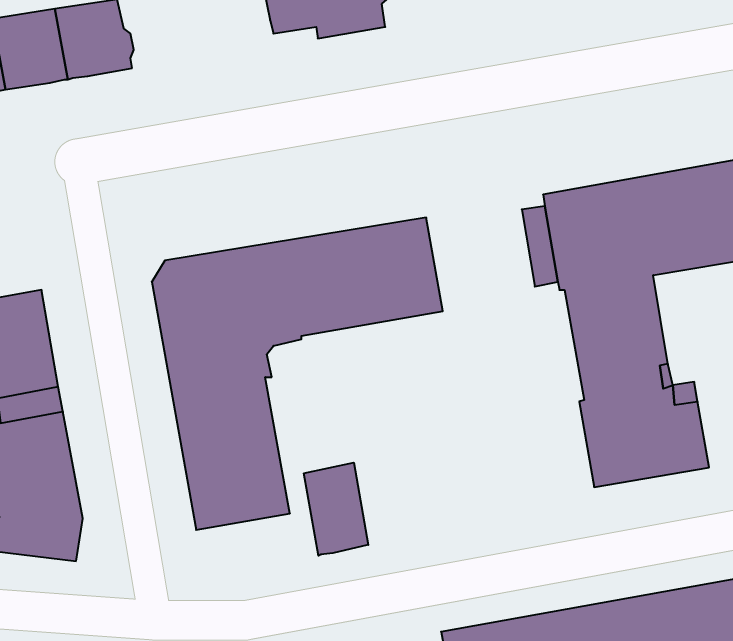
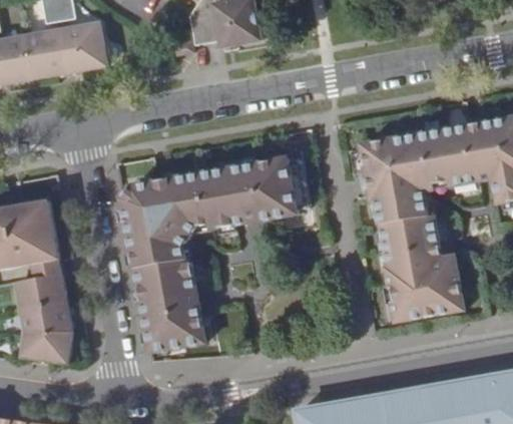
building: [304,463,368,556] -> none

